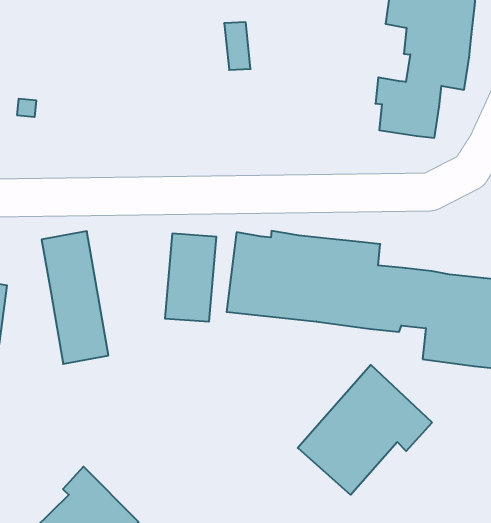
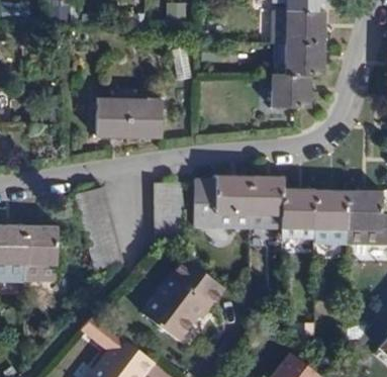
building: none -> [96,98,162,137]
building: [298,365,432,495] -> [148,261,228,342]

